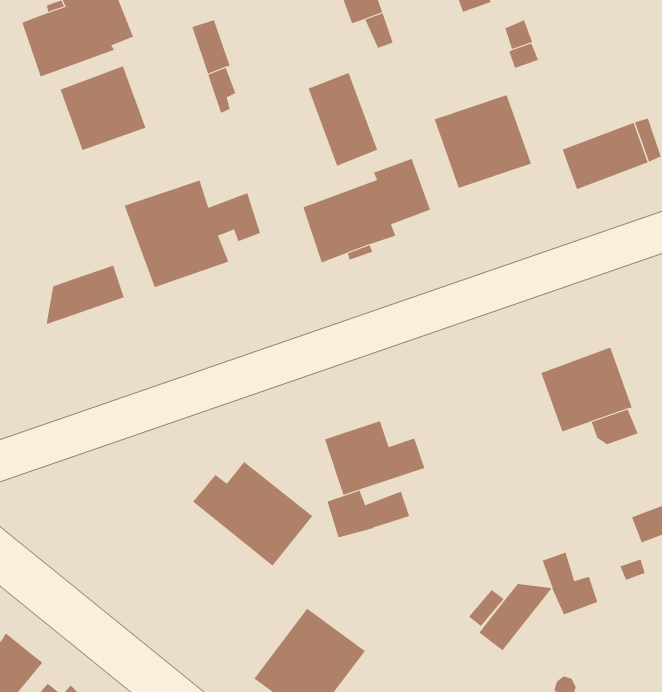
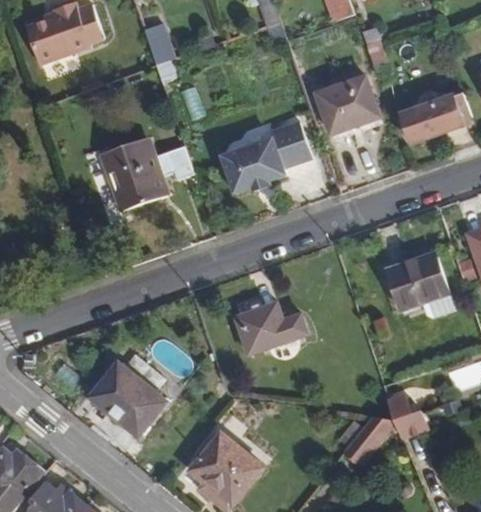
building: [60,65,146,151] -> none
building: [308,72,378,166] -> none
building: [46,265,125,324] -> none
building: [192,461,313,567] -> [85,365,169,438]
building: [327,490,410,538] -> none

